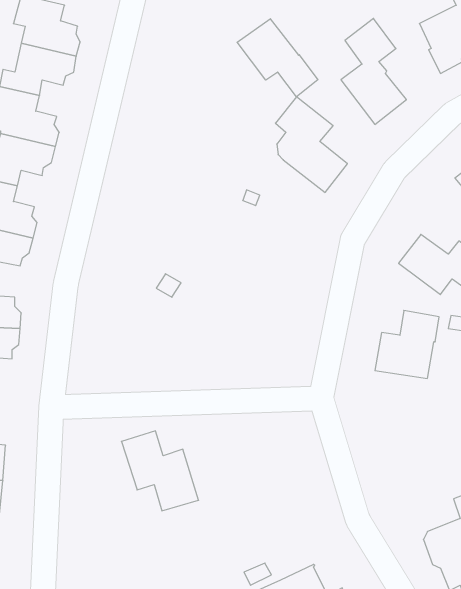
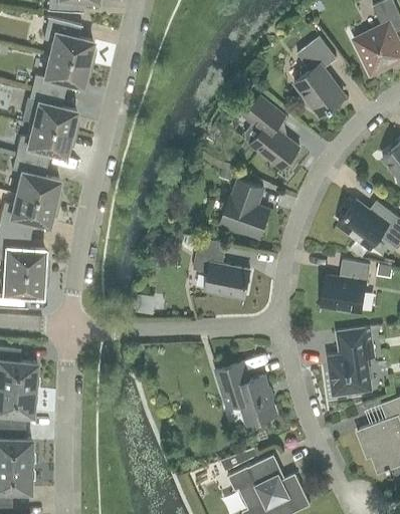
building: [237,19,318,97] -> none
building: none -> [221,180,269,237]
building: none -> [193,238,250,298]
building: none -> [328,328,374,398]
building: [121,431,199,511] -> [216,362,275,424]

